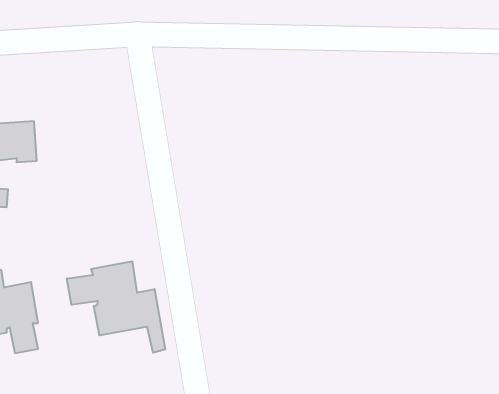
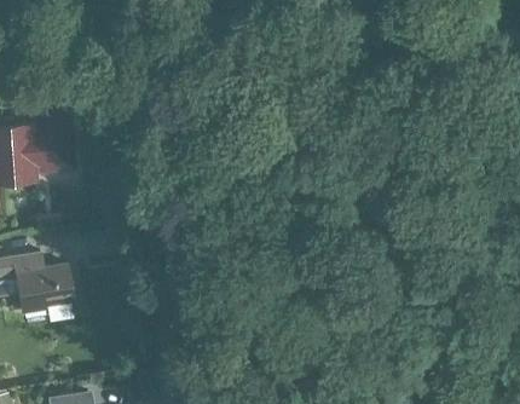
building: [67,261,165,353] -> none

